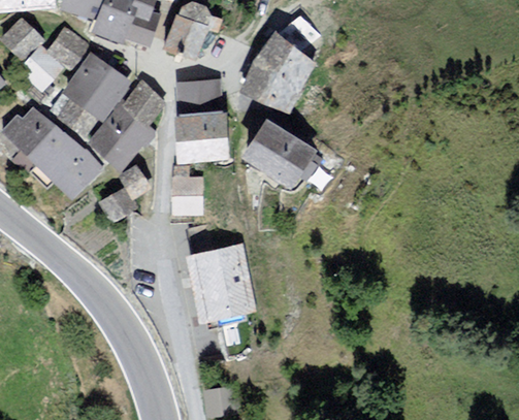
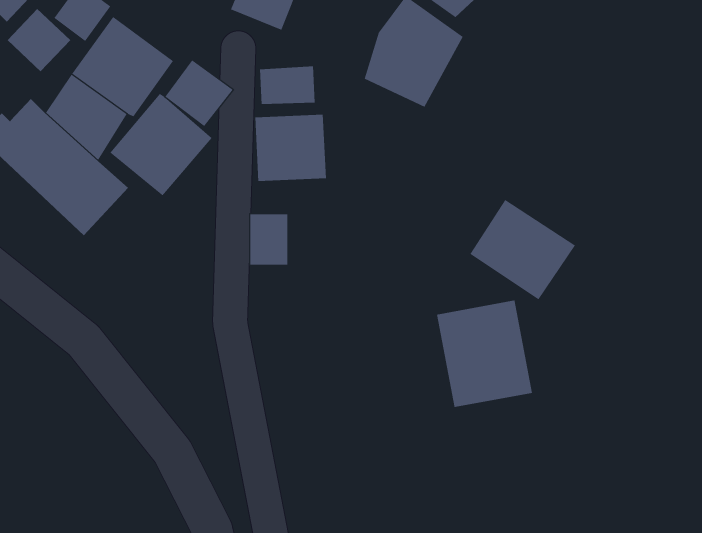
building: [246,120,314,185] -> [470,199,576,300]
building: [101,161,149,217] -> none
building: [190,247,252,316] -> [436,300,533,408]

